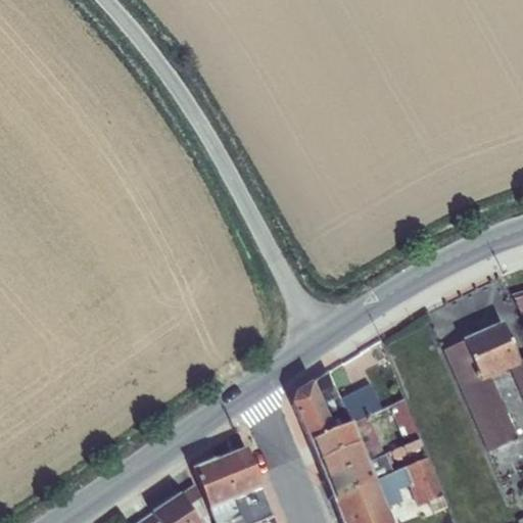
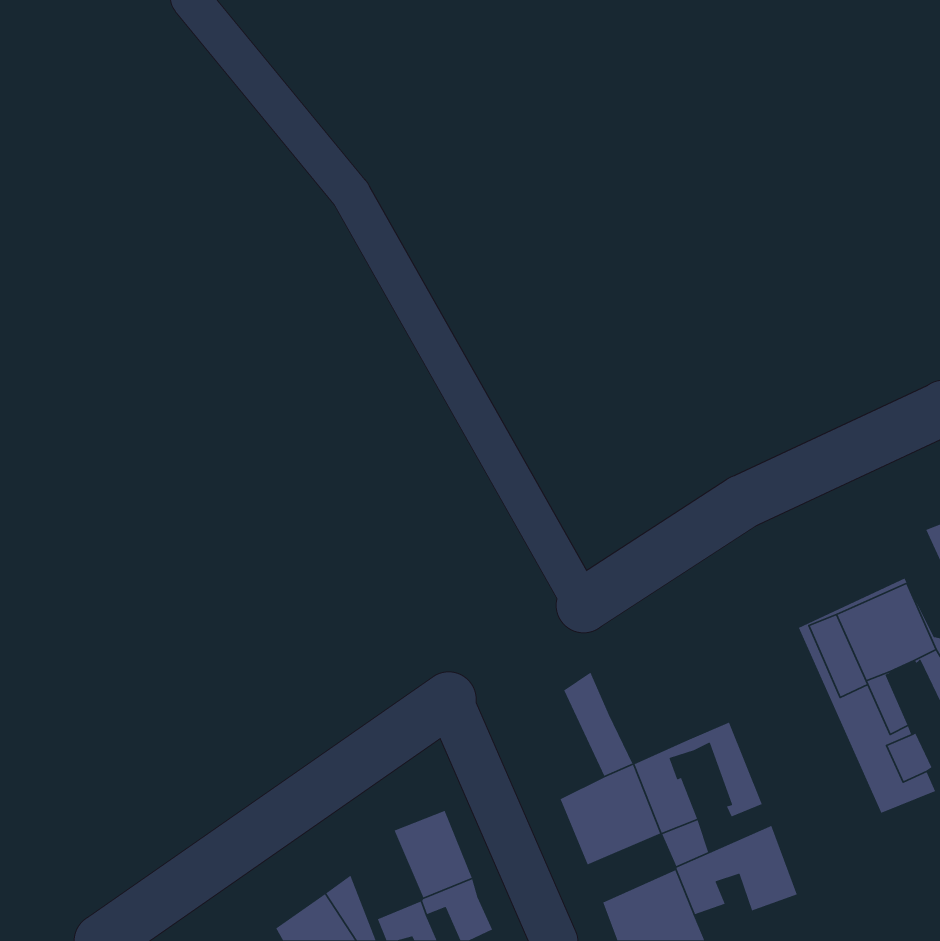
building: [294,382,336,442] -> none
building: [339,383,382,423] -> none
building: [194,460,236,509] -> none
building: [327,462,376,500] -> none

